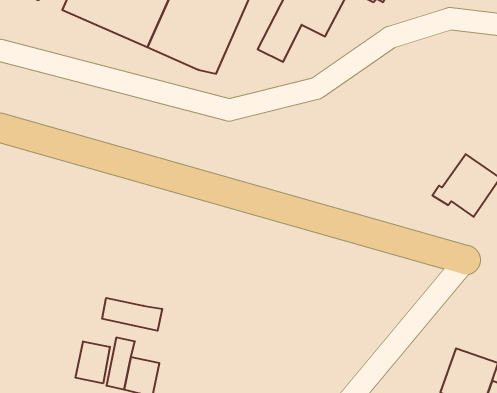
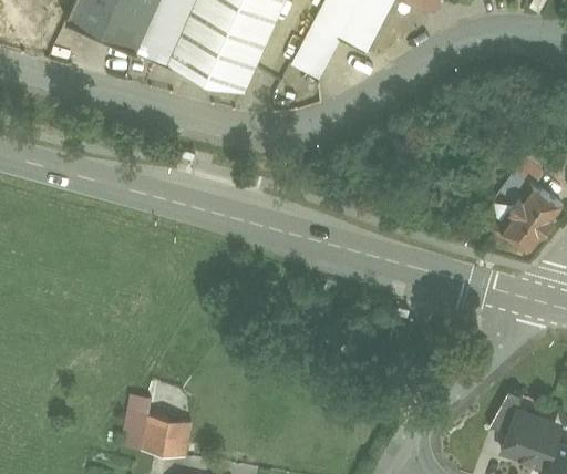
building: [102,298,162,331] -> none
building: [76,341,110,383] -> none

